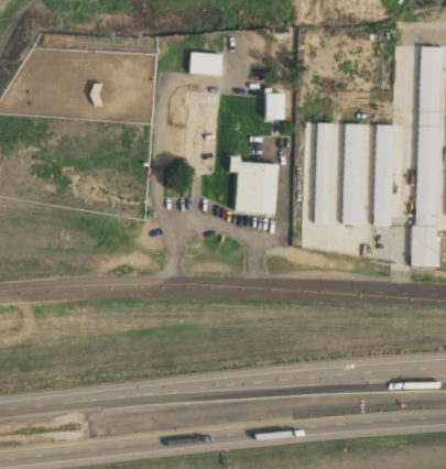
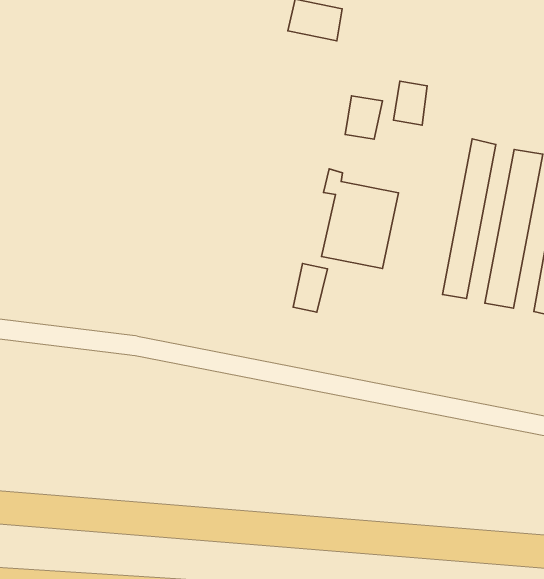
building: none -> [345,96,383,139]
building: none -> [293,263,328,312]

